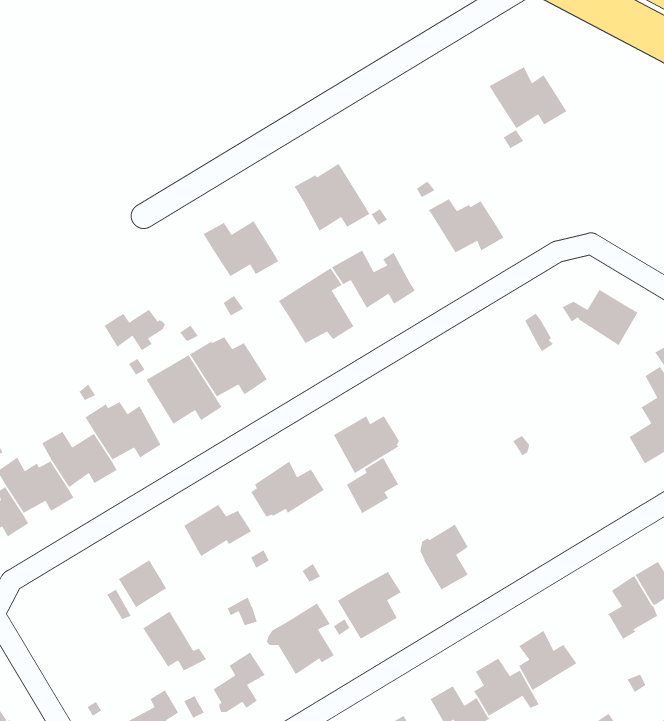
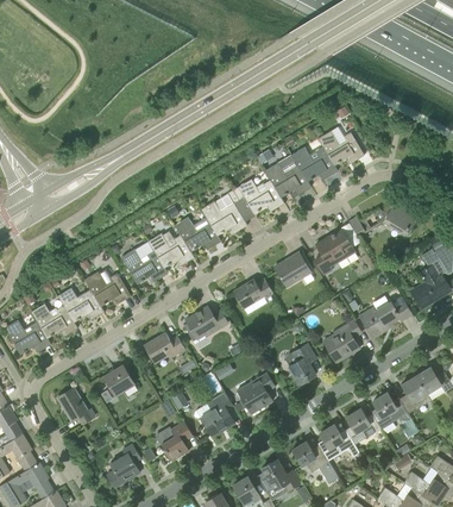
building: [489,66,567,129] -> [317,127,365,165]
building: [293,163,370,232] -> [265,156,312,198]
building: [202,220,279,277] -> [175,217,221,251]
building: [104,309,166,351] -> none
building: none -> [315,230,356,275]
building: none -> [359,302,413,338]
building: [346,457,399,514] -> [277,252,309,287]
building: none -> [323,320,361,363]
building: none -> [372,393,410,428]
building: [142,610,207,671] -> [57,387,96,424]

